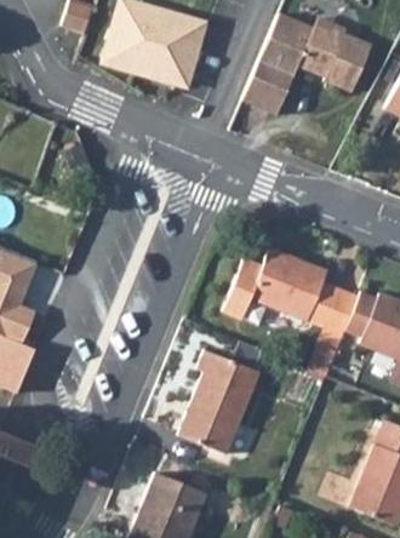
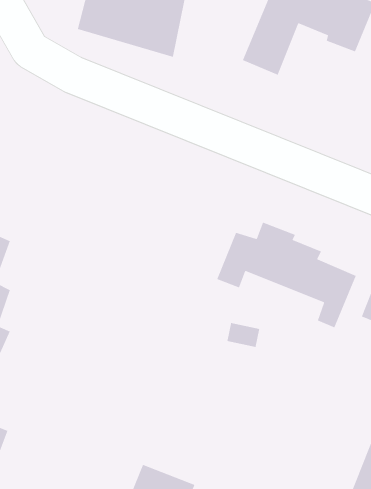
building: [181,351,259,456] -> none

